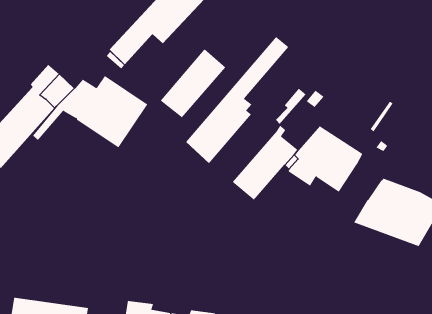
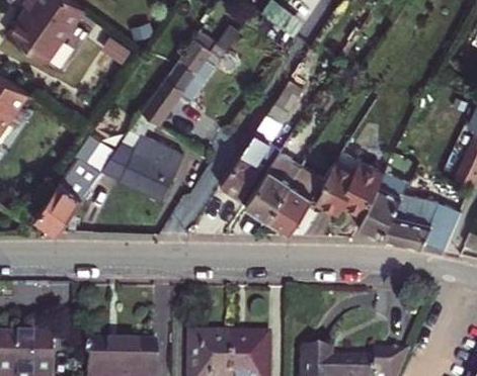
building: [160,49,226,118] -> [246,152,302,216]
building: none -> [359,186,402,239]

